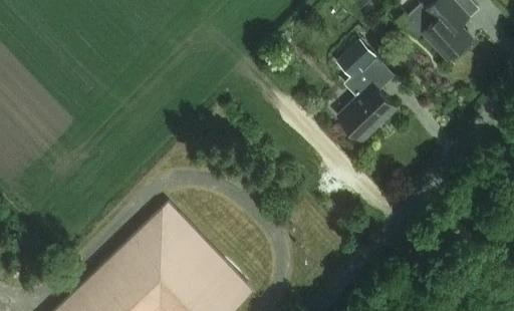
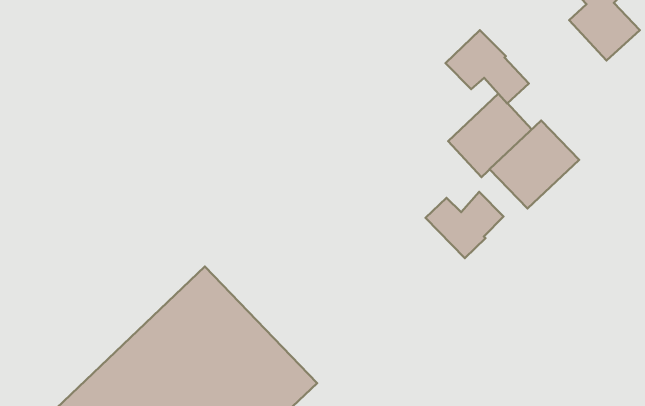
building: none -> [490,121,579,209]
building: none -> [426,192,504,258]

